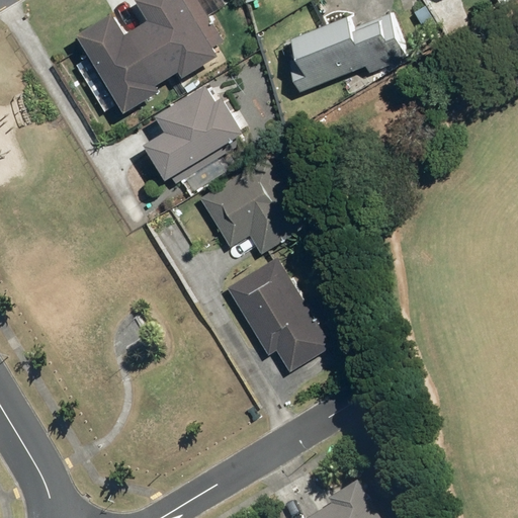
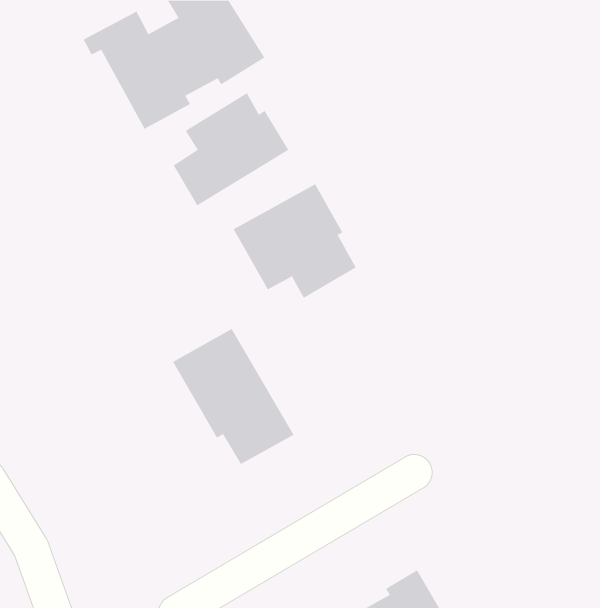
building: [285,14,404,94] -> none
building: [226,260,329,375] -> [172,328,295,465]

